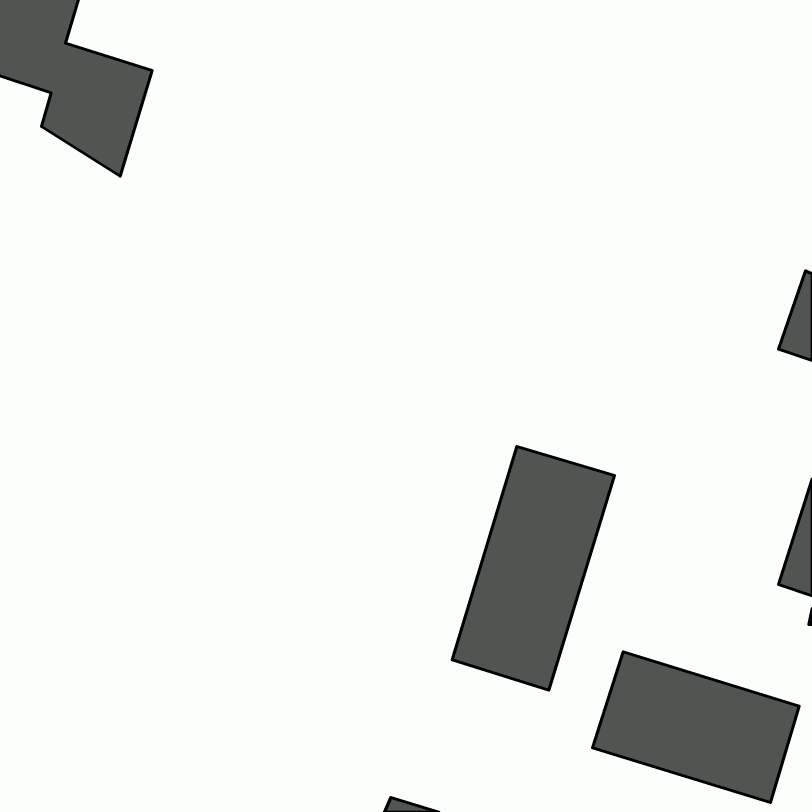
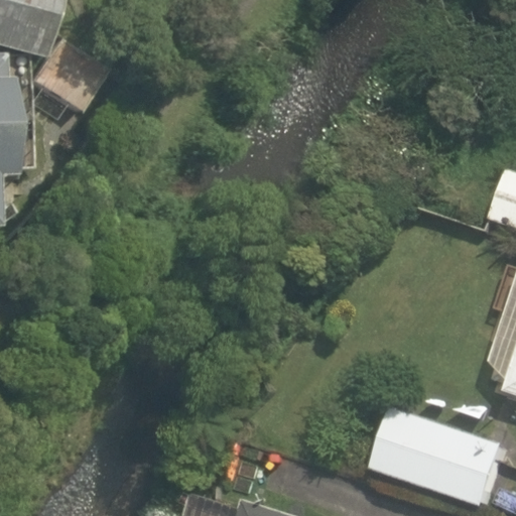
building: [452,447,615,690] -> none

